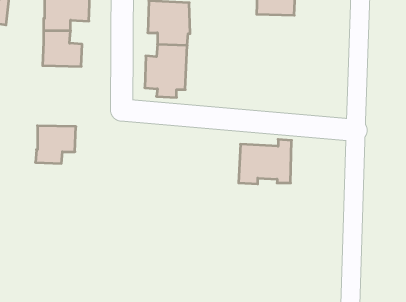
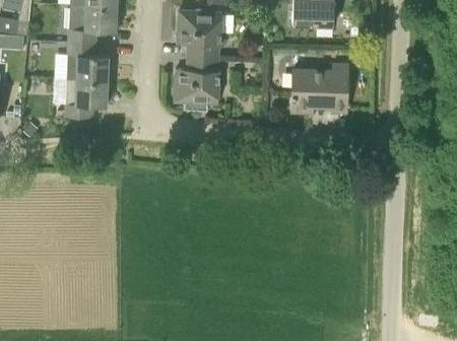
building: [35,126,76,163] -> [65,78,108,118]
building: [239,139,292,184] -> [291,65,347,112]

